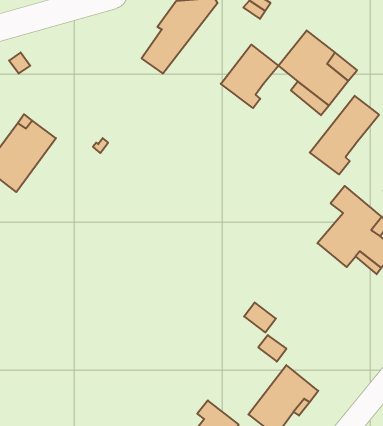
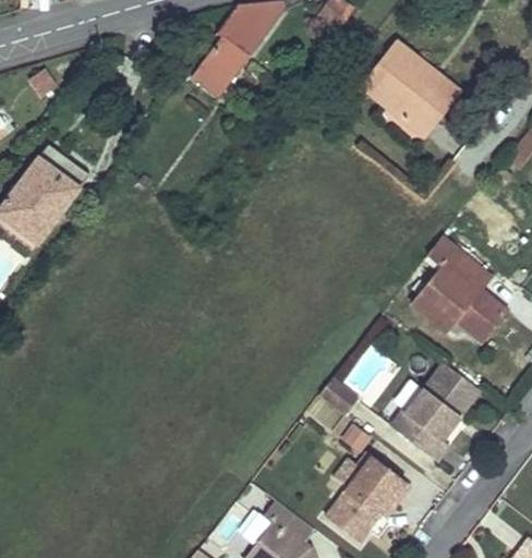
building: [221,45,279,108] -> none
building: [310,96,379,174] -> none
building: none -> [389,361,481,460]

